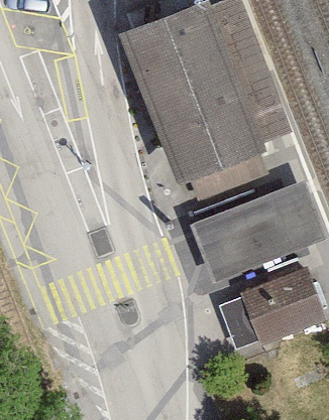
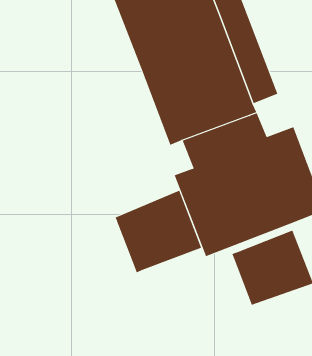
building: none -> [115,190,202,273]

